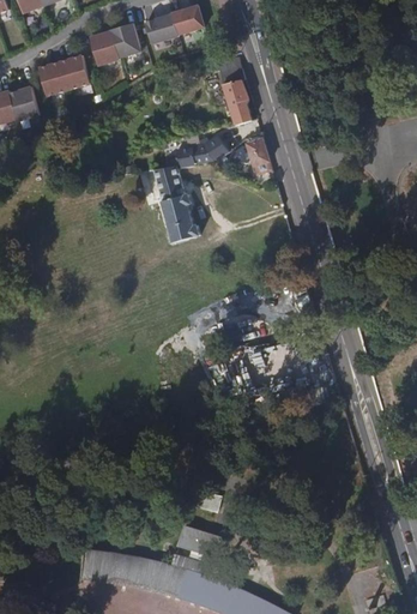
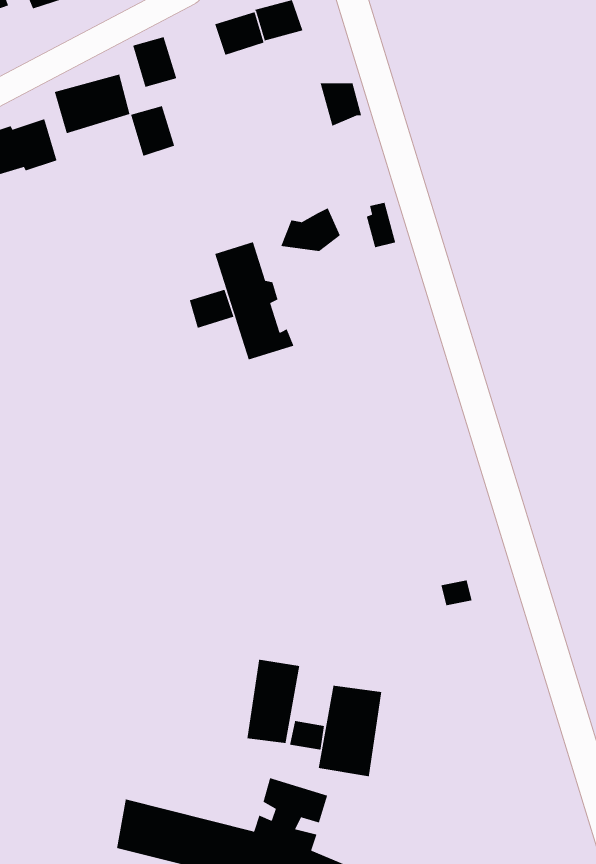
building: [113,23,143,58] -> [130,105,175,157]
building: [223,84,250,128] -> none
building: none -> [189,289,234,329]
building: none -> [246,659,300,744]
building: none -> [318,685,382,777]

